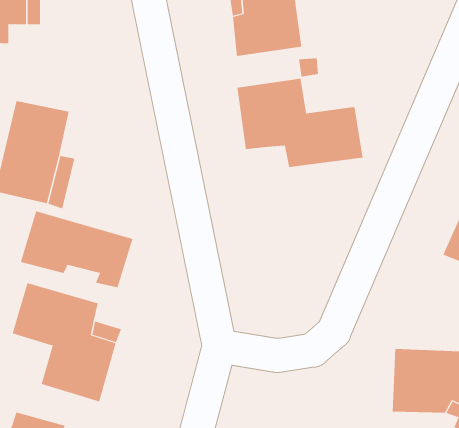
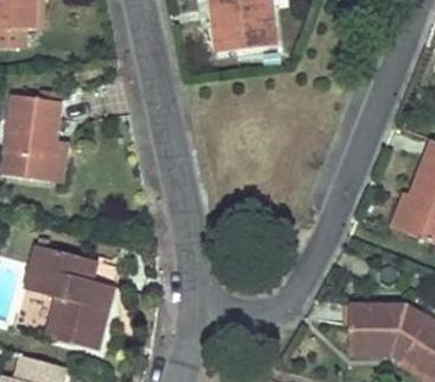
building: [237,78,363,168] -> none
building: [20,210,133,288] -> none

